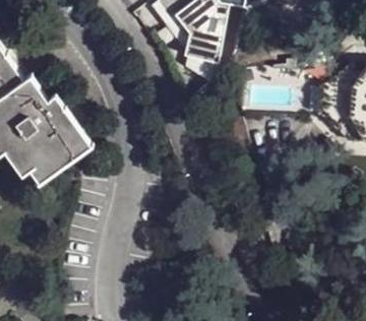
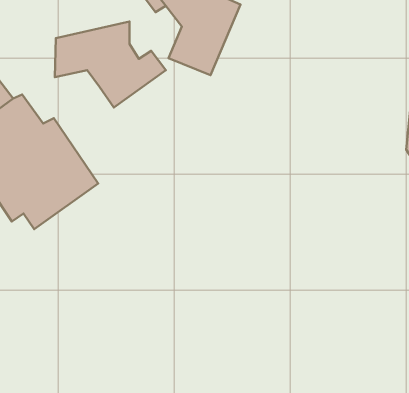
building: none -> [55,22,166,107]

